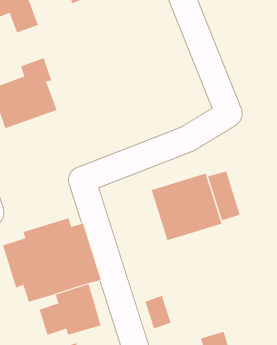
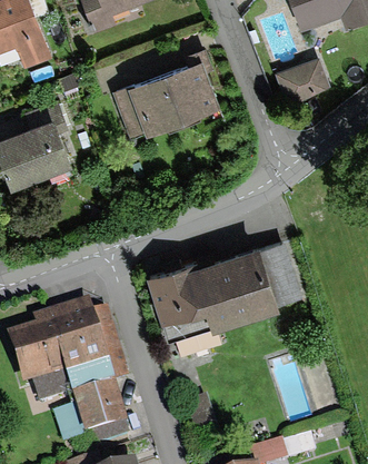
building: none -> [111,48,221,138]
building: none -> [276,58,331,107]
building: none -> [147,263,211,343]

